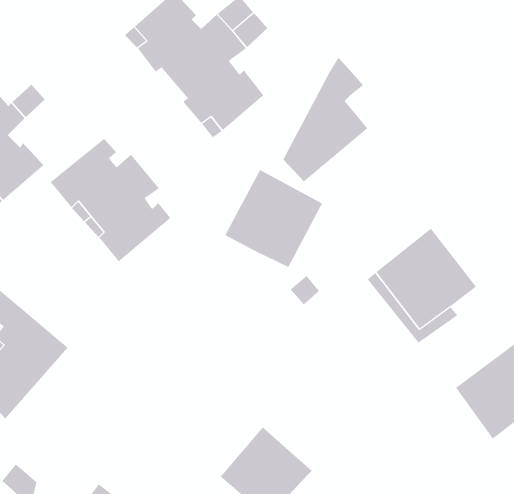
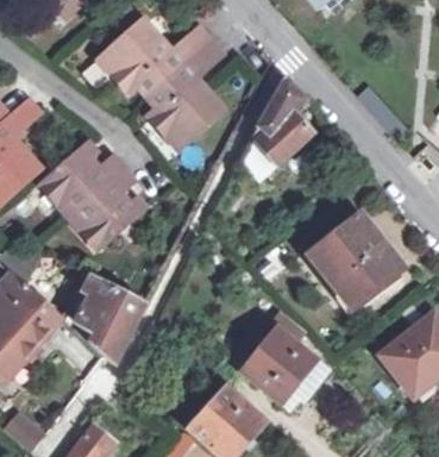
building: [225,169,323,268] -> none
building: none -> [74,276,145,363]
building: none -> [237,317,326,401]

